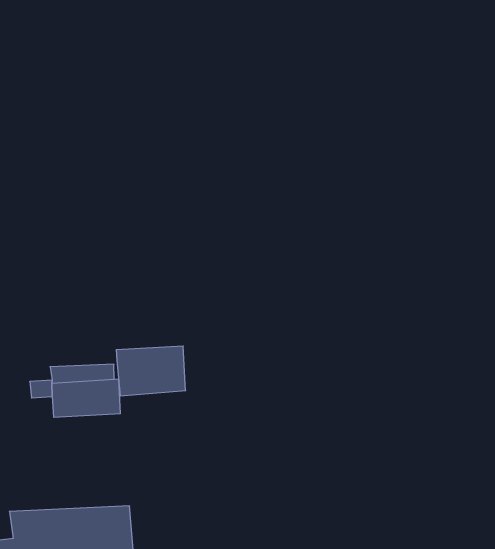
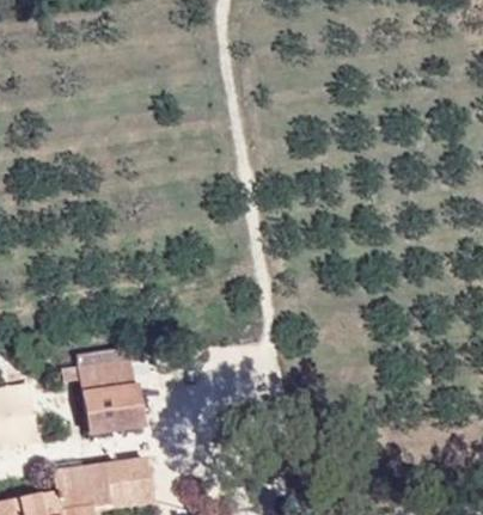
building: [116,346,186,396] -> [82,386,141,430]

